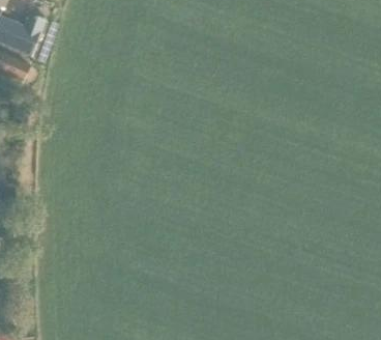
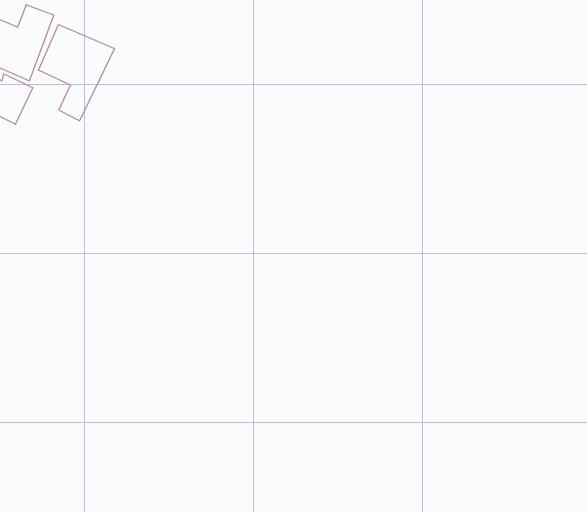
building: none -> [39,25,114,121]

